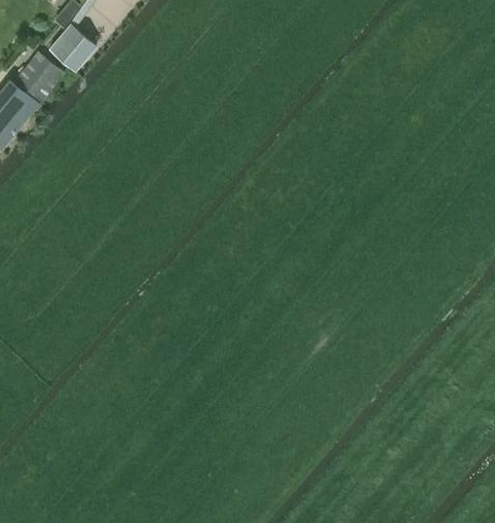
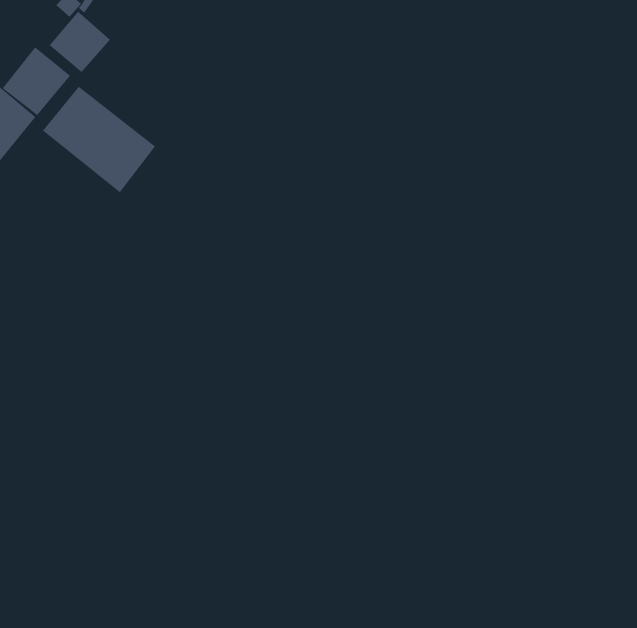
building: none -> [42,86,156,193]

